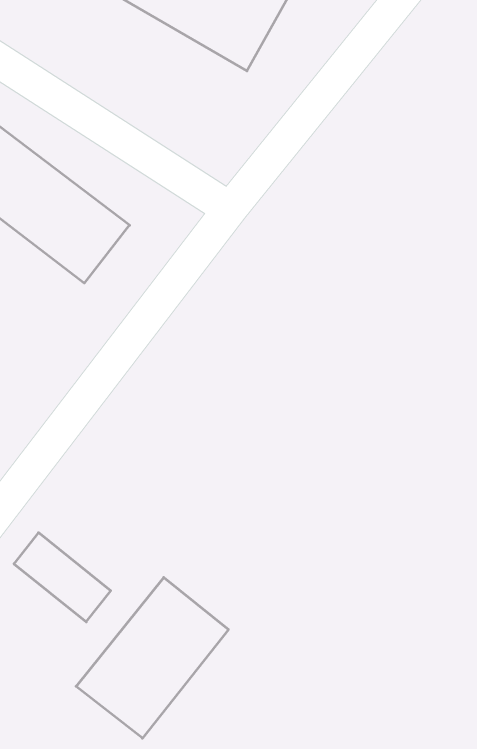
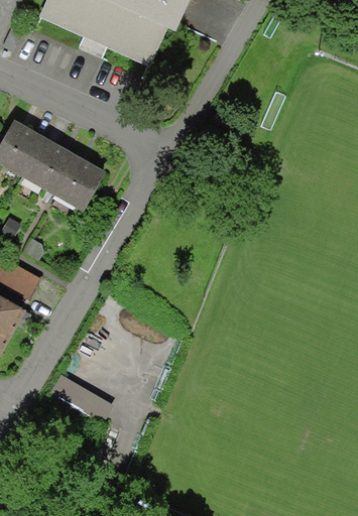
building: [76,577,228,738] -> none

